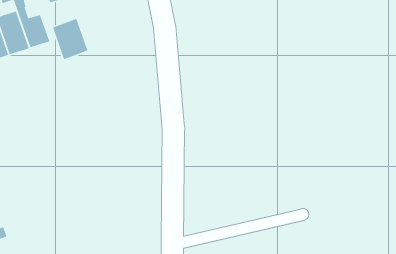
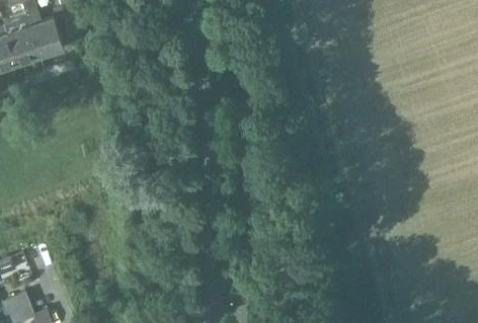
building: [52,18,88,60] -> none

